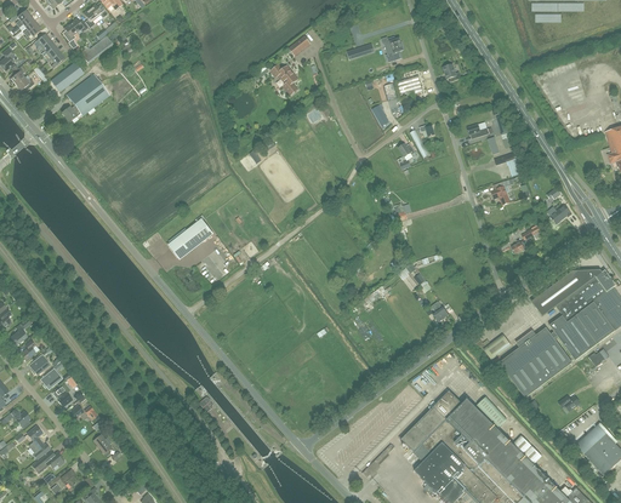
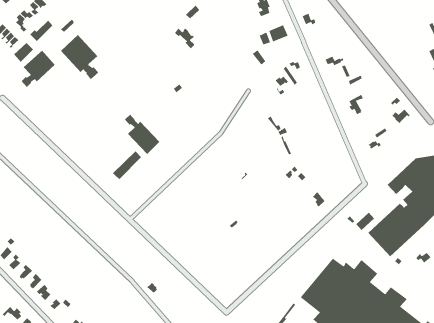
building: none -> [60,34,99,80]
building: none -> [124,114,160,155]

